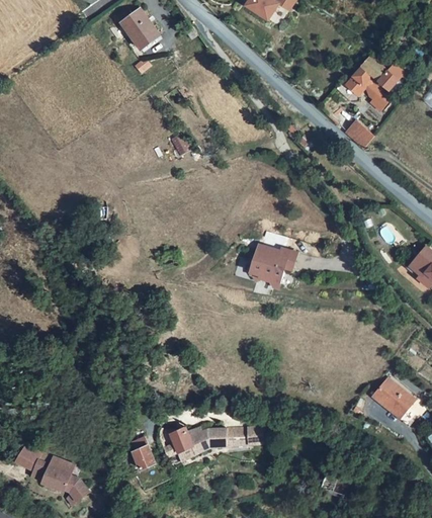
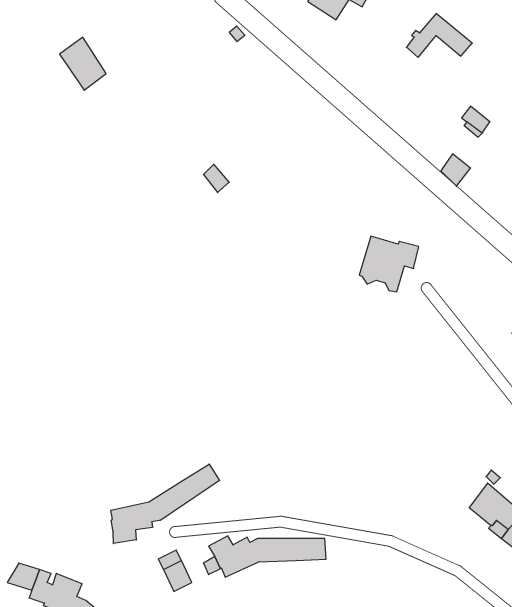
building: [118,11,155,53] -> [60,37,106,90]
building: [347,57,399,91] -> [406,14,472,57]
building: [255,242,301,285] -> [359,236,419,292]
building: none -> [111,464,220,544]

